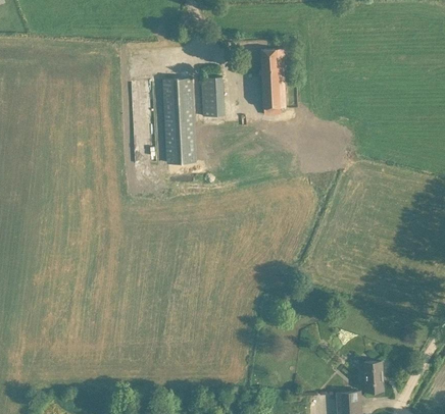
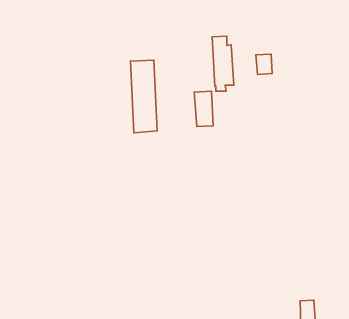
building: none -> [256,54,272,74]
building: [200,76,222,118] -> [194,91,213,127]

